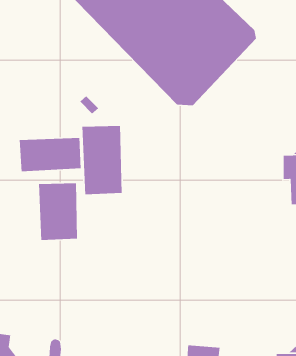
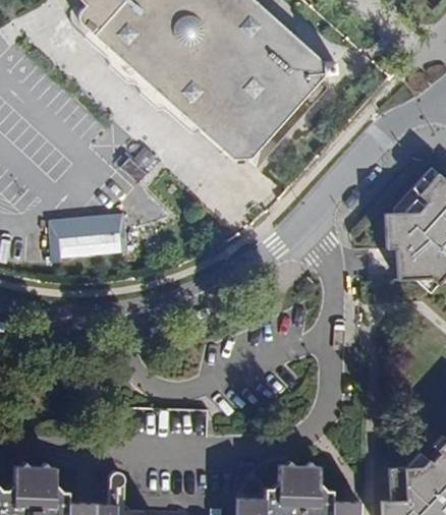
building: [82,125,122,195] -> none
building: [38,182,78,241] -> none

